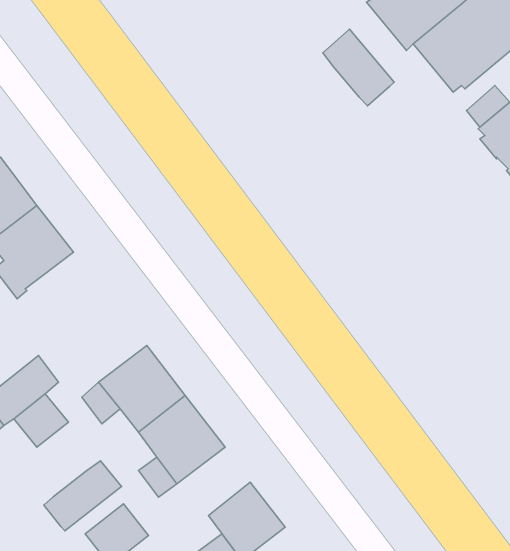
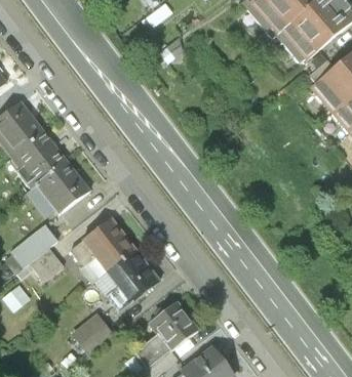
building: [323,29,394,106] -> none
building: none -> [36,160,89,212]
building: [44,461,122,531] -> none

